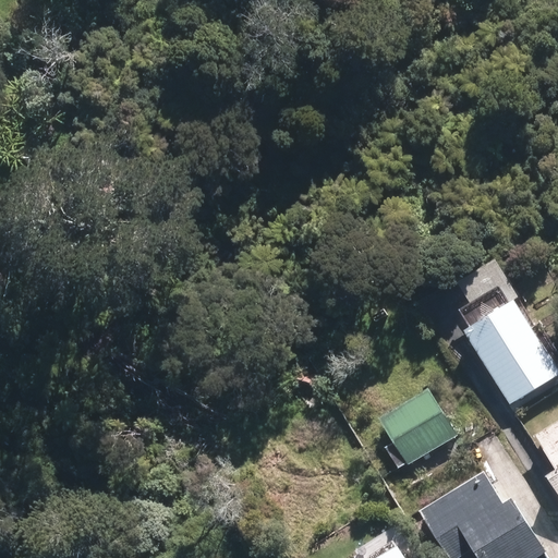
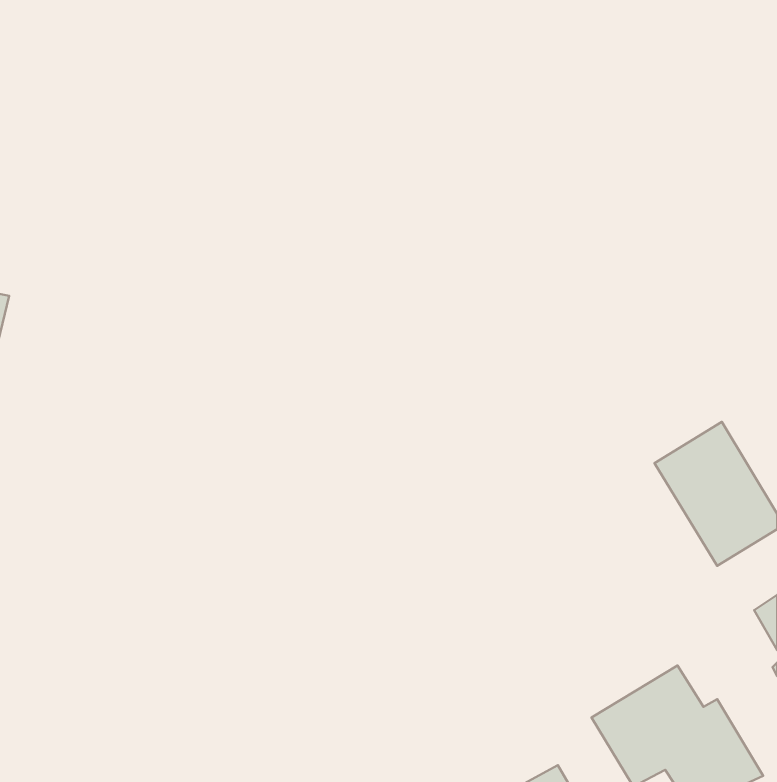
building: [379,390,453,463] -> none

